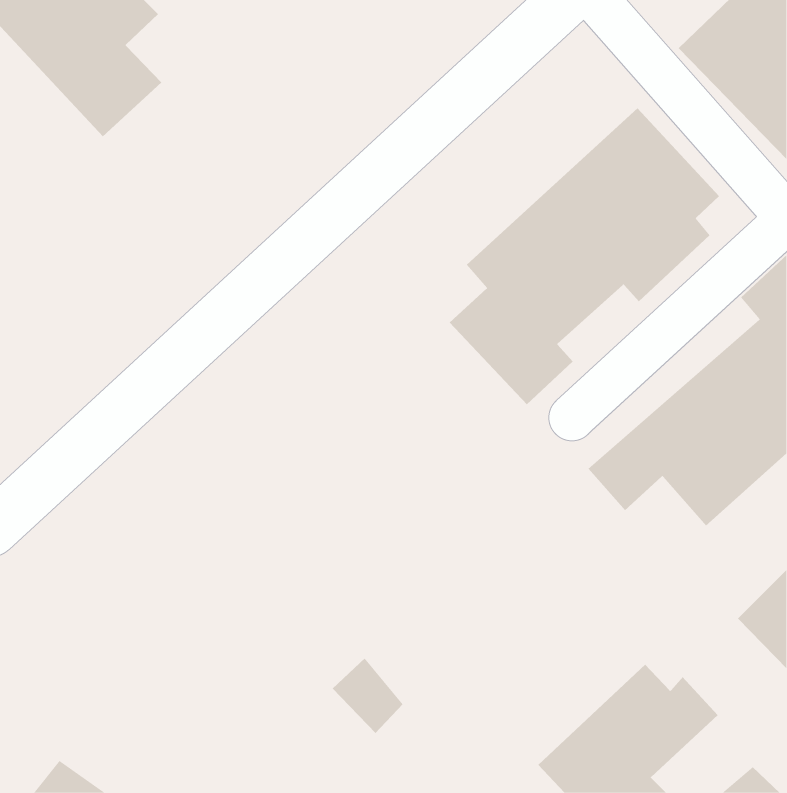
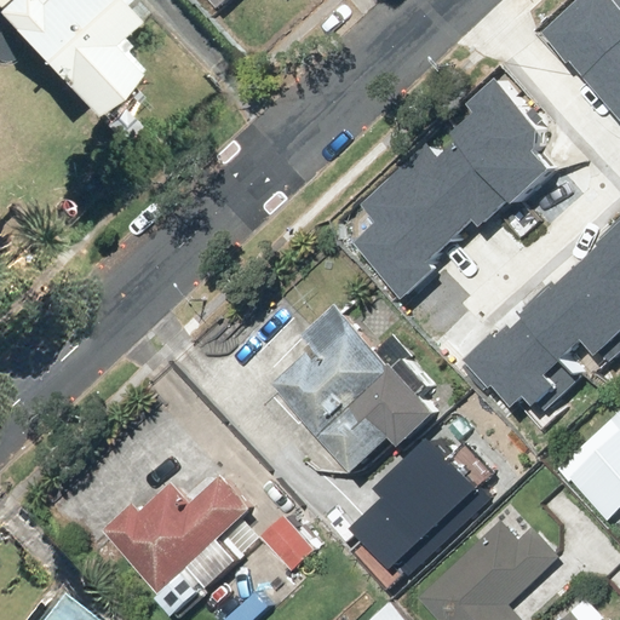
building: none -> [274,299,440,475]
building: none -> [366,431,498,570]
building: none -> [103,472,254,593]

